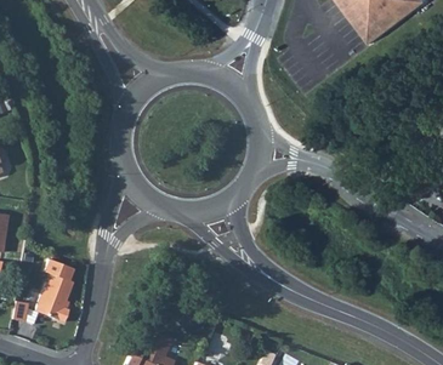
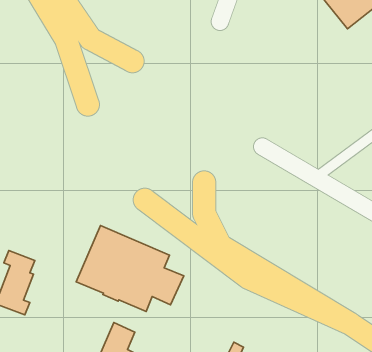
building: none -> [76,225,184,311]

